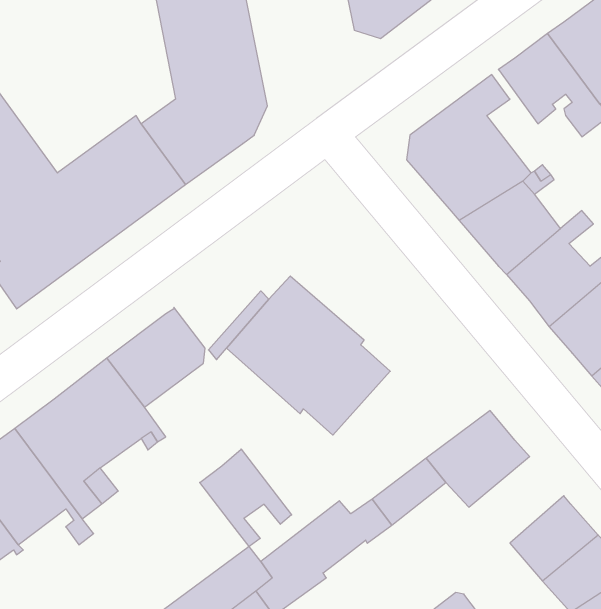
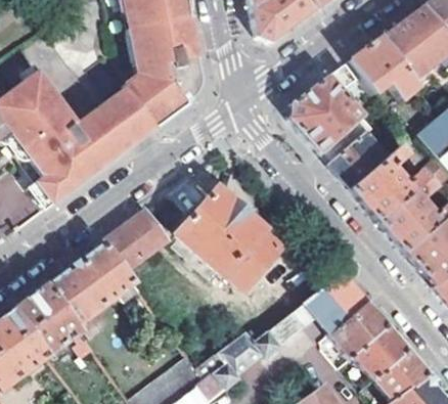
building: [200,449,292,547] -> none
building: none -> [329,302,389,359]

